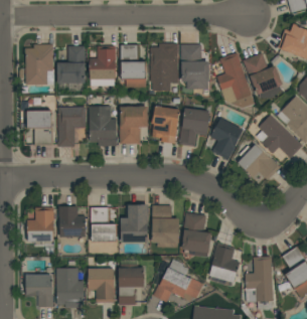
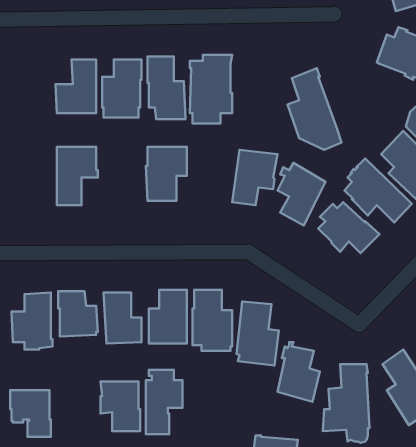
building: [24,44,53,85] -> none
building: [180,45,208,90] -> none
building: [243,52,282,99] -> none
building: [89,107,116,146] -> none
building: [151,107,178,144] -> none
building: [27,111,52,146] -> none
building: [153,260,203,302] -> none
building: [56,268,84,308] -> none

